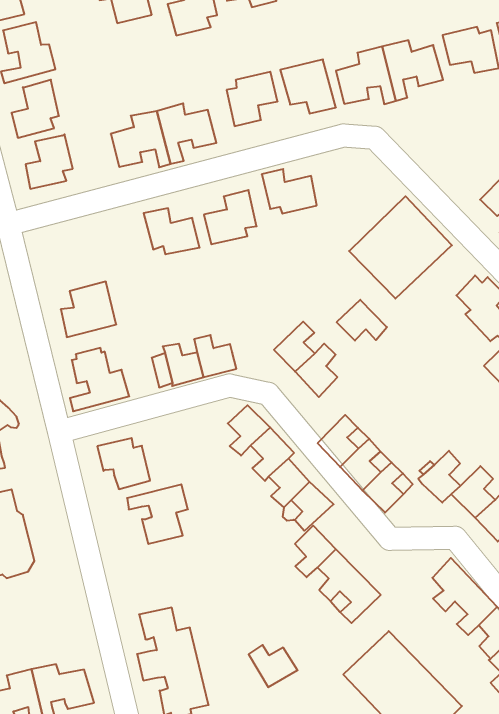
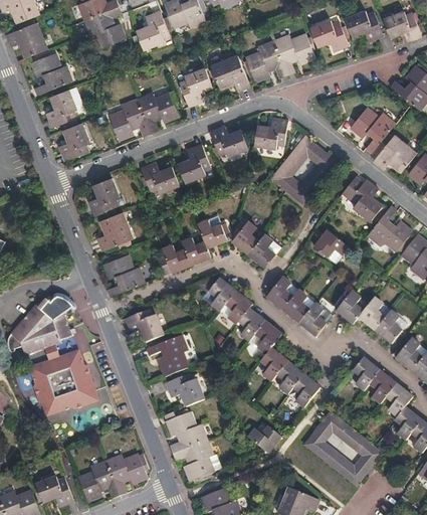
building: none -> [253,120,287,148]
building: none -> [88,176,118,213]
building: [337,300,387,341] -> [312,227,345,253]
building: none -> [197,218,226,245]
building: none -> [167,372,202,405]

